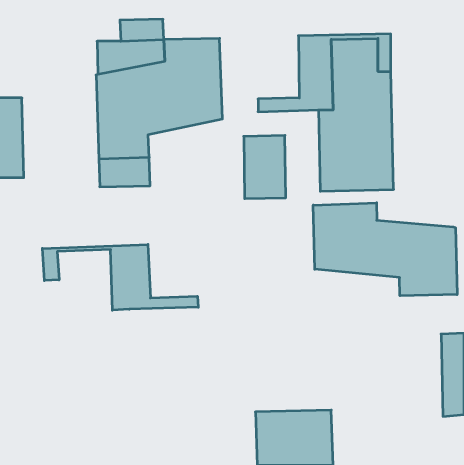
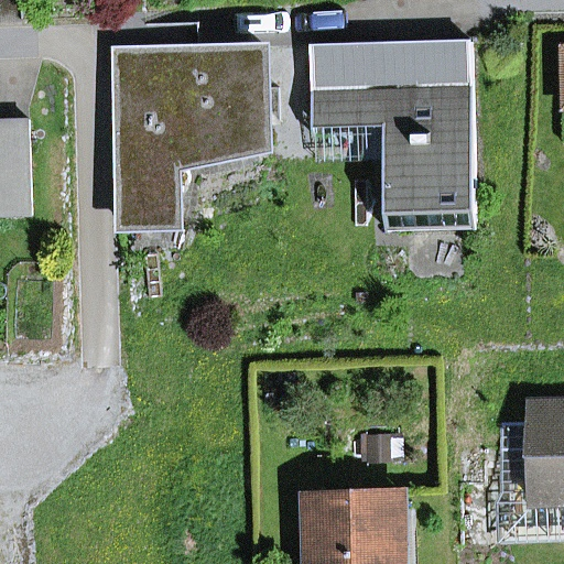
building: [244,135,286,199] -> [310,43,360,119]
building: [313,203,457,296] -> none
building: [42,244,198,310] -> none

